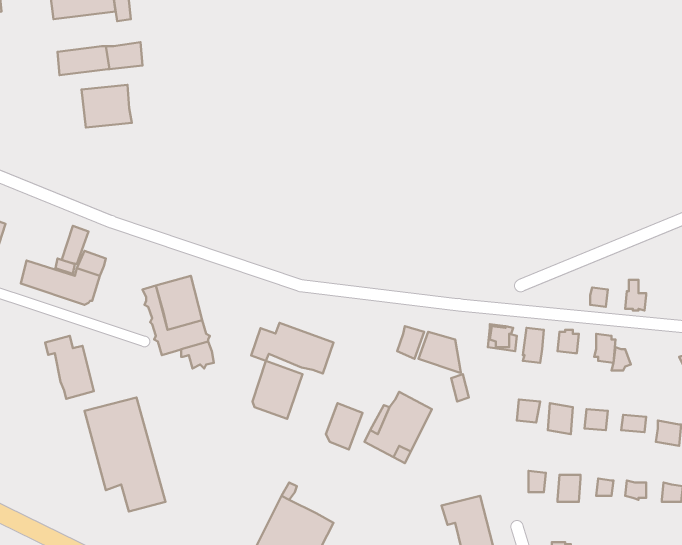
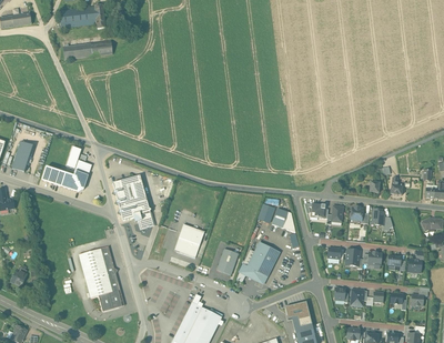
building: [81,85,132,127] -> none
building: [251,323,334,374] -> none
building: [45,336,94,399] -> none

